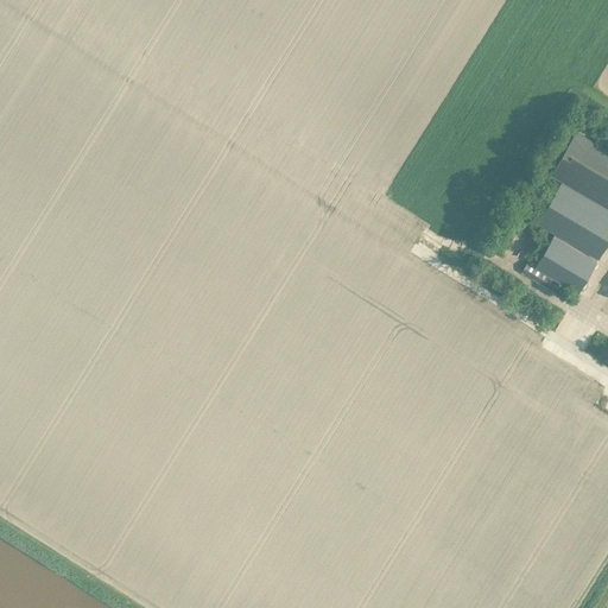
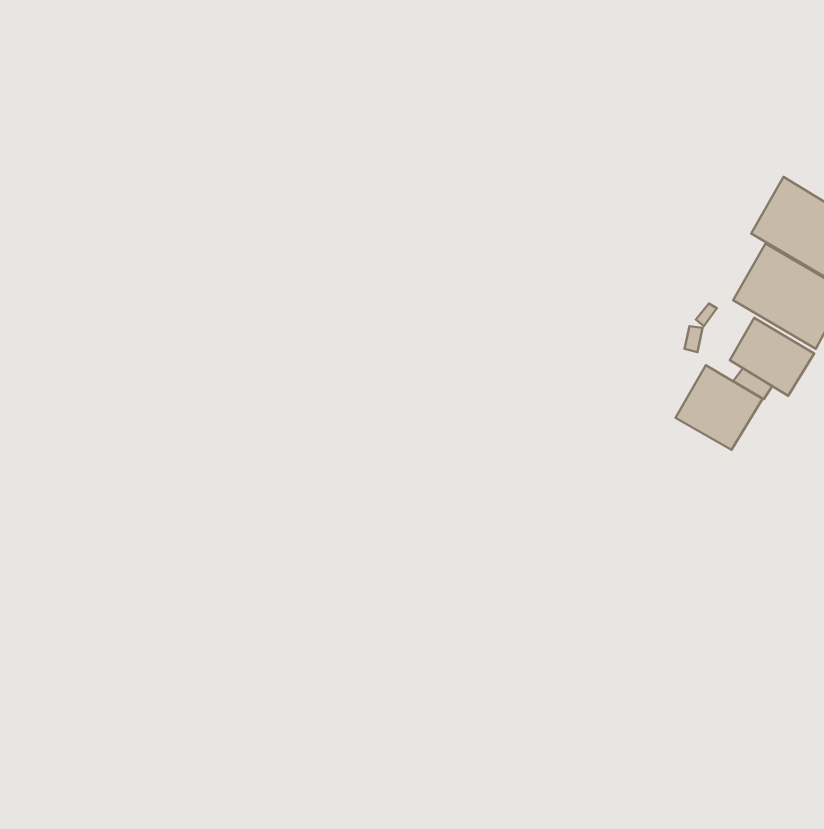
building: none -> [675,365,763,450]

